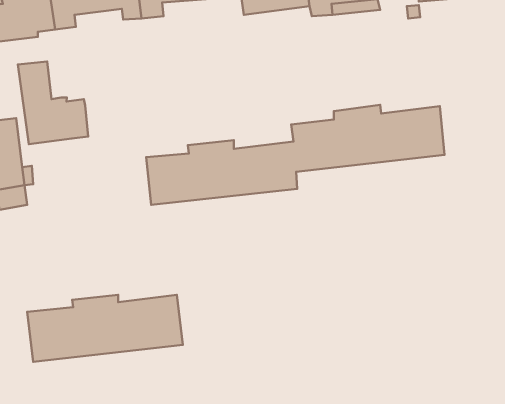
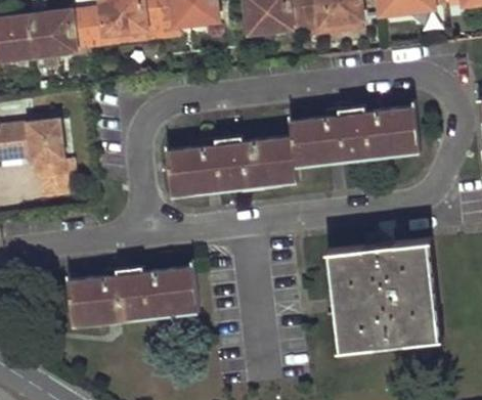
building: [18,62,88,144] -> none
building: none -> [334,240,438,351]

